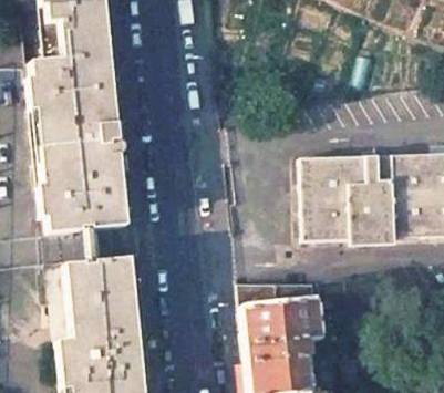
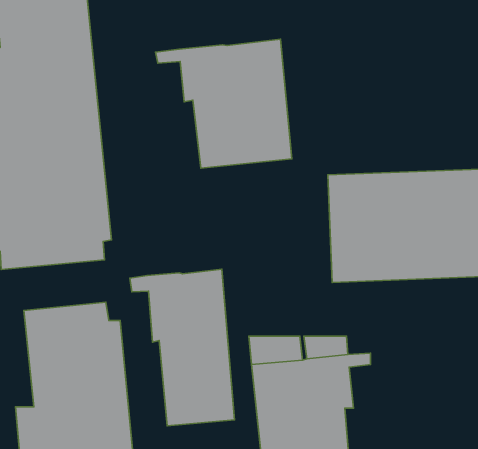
building: none -> [155,39,292,168]
building: none -> [130,269,234,426]

